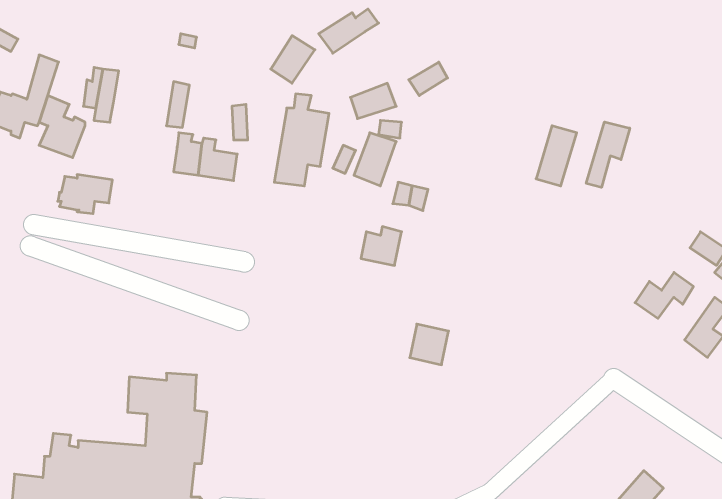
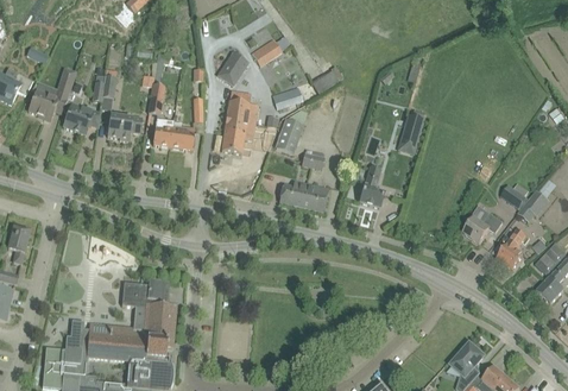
building: [586,122,630,187] -> none
building: [58,175,112,214] -> [106,114,143,140]
building: none -> [360,165,384,207]
building: [410,324,449,365] -> [302,184,328,212]

